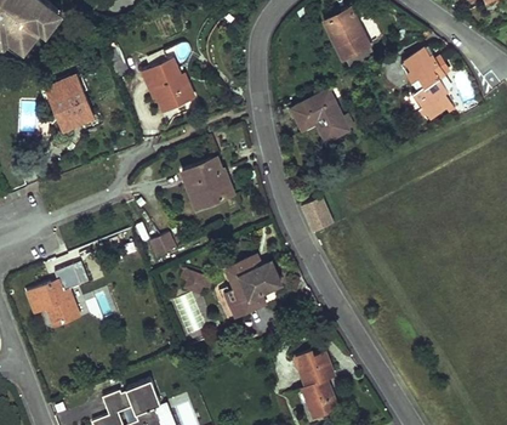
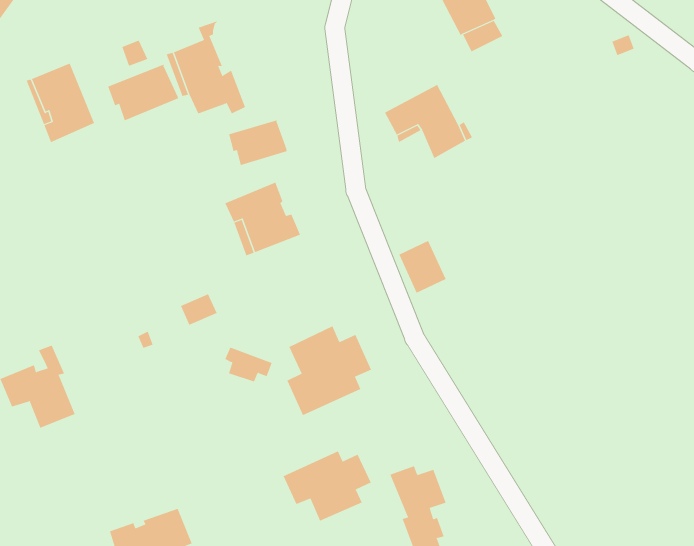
building: [400,50,450,120] -> none
building: none -> [108,64,178,121]
building: none -> [228,120,287,166]
building: none -> [283,451,371,521]

